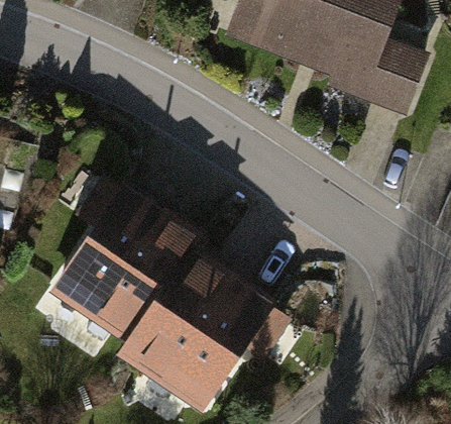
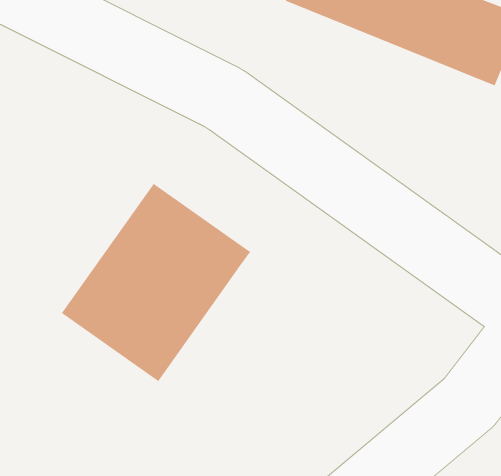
building: [123,251,272,408] -> none

